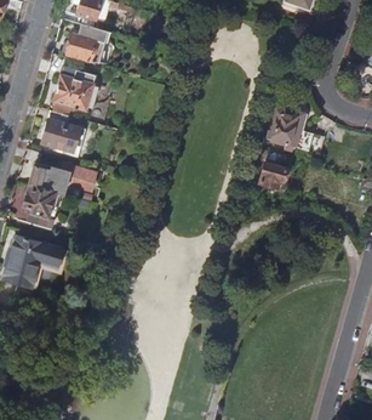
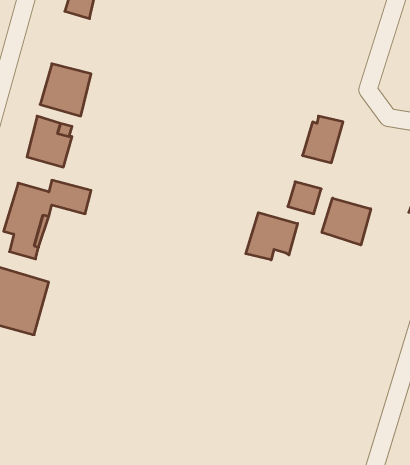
building: [67,32,103,61] -> none
building: none -> [322,198,371,245]
building: none -> [246,213,298,260]

